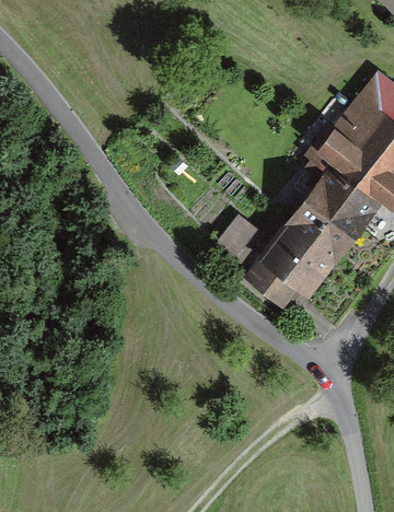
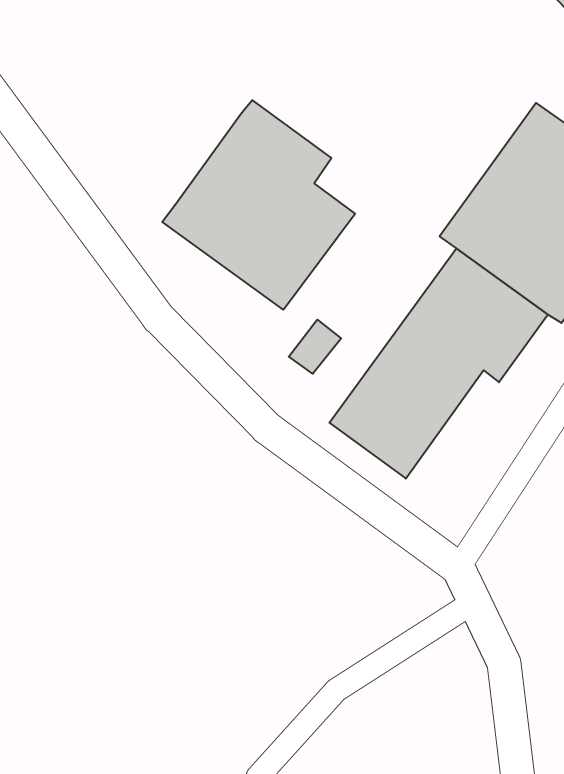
building: none -> [162,100,355,310]

